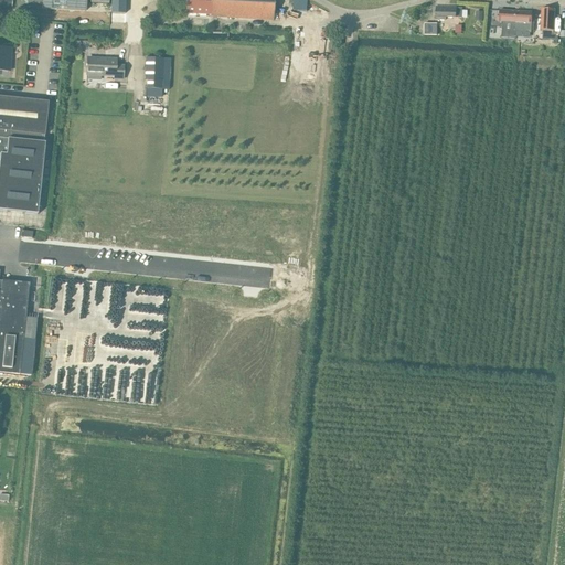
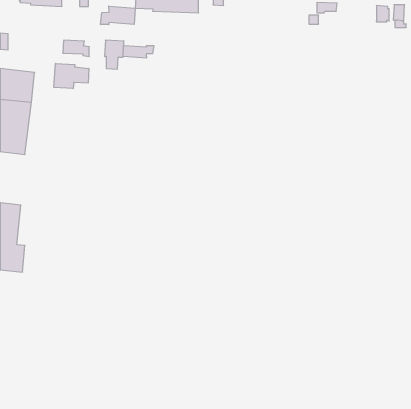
building: [495,7,516,35] -> none
building: none -> [101,6,135,25]
building: none -> [123,45,154,58]
building: none -> [54,63,89,89]

